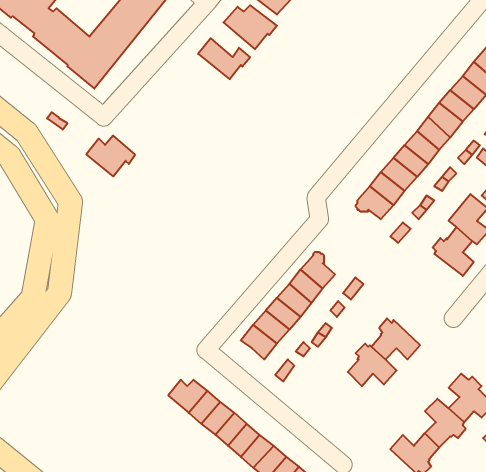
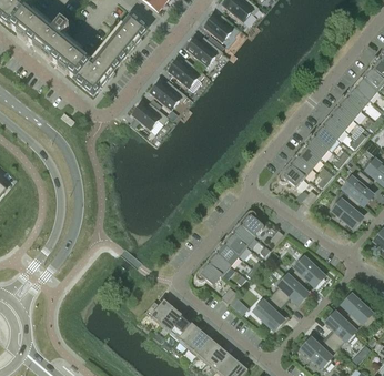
building: none -> [149,82,182,111]
building: [86,136,135,176] -> [131,102,165,131]
building: none -> [254,295,282,329]

